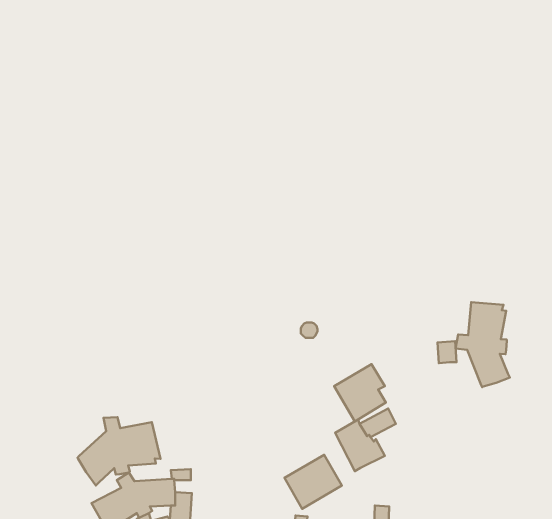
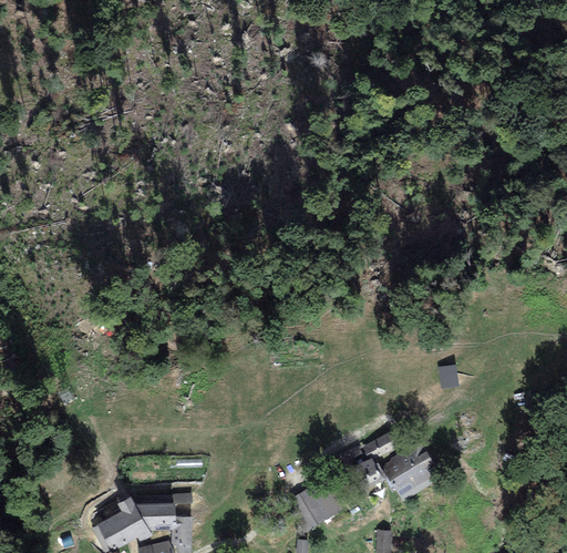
building: [456,302,510,387] -> none
building: [334,364,386,421] -> [382,441,434,499]
building: [77,417,160,486] -> none

